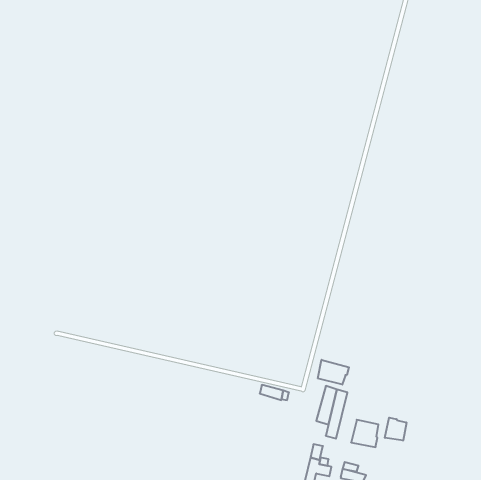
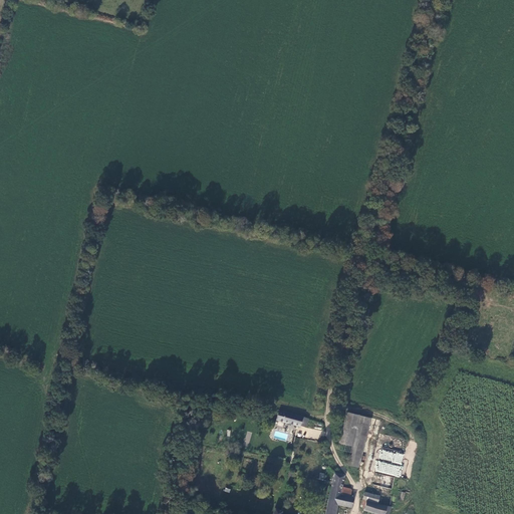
building: [318,360,349,385] -> none
building: [385,418,406,441] -> none

